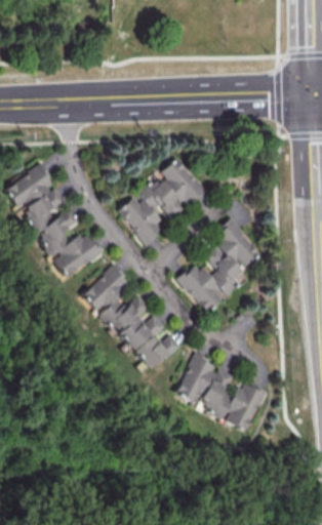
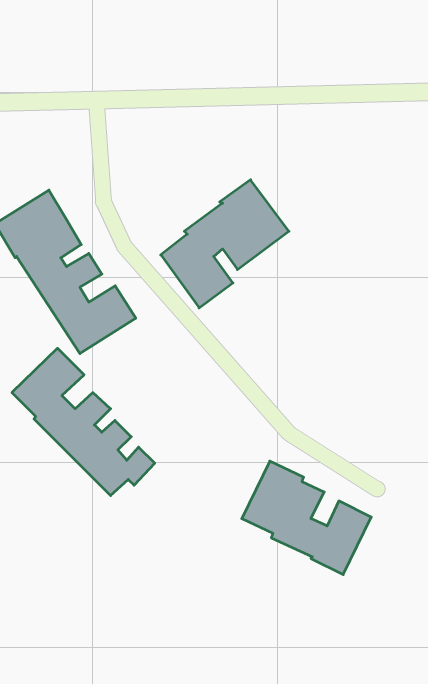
building: [179,217,261,313] -> none
building: [81,265,180,367] -> [12,348,155,496]

